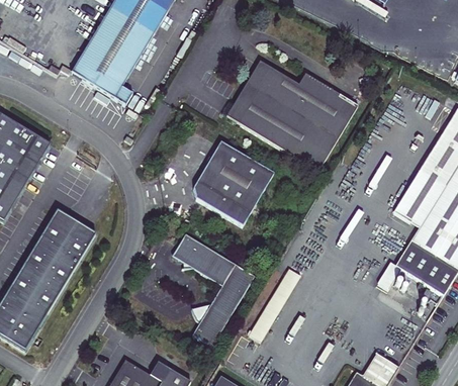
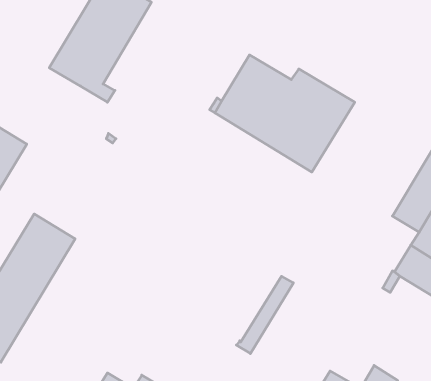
building: [194,139,274,223] -> none
building: [173,231,256,345] -> none

